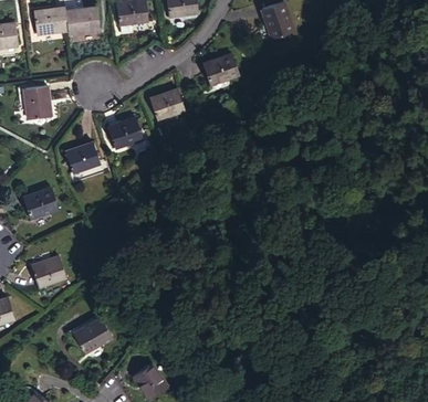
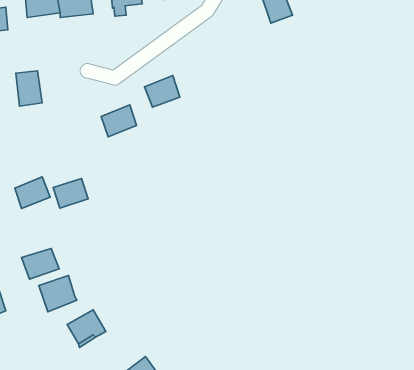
building: [202,54,238,85] -> none
building: [65,144,100,172] -> [53,178,88,208]
building: none -> [39,275,77,312]

